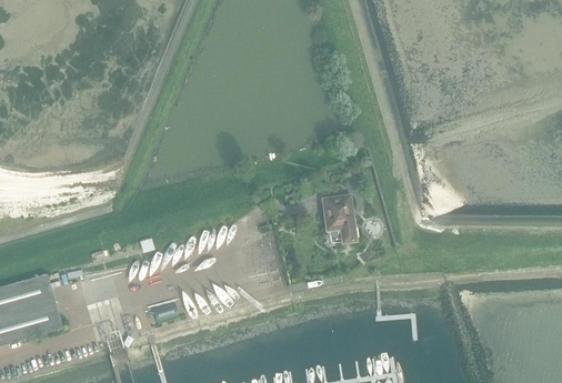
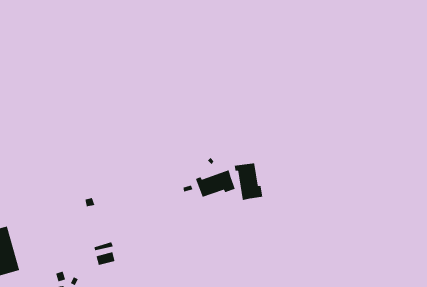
building: none -> [195,169,236,198]

